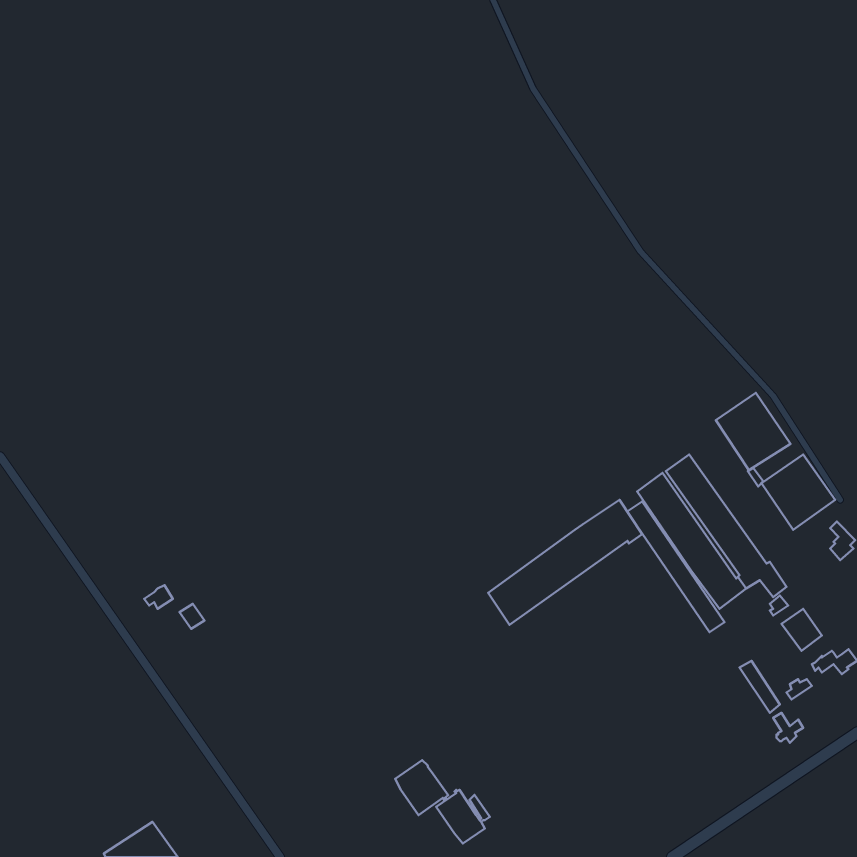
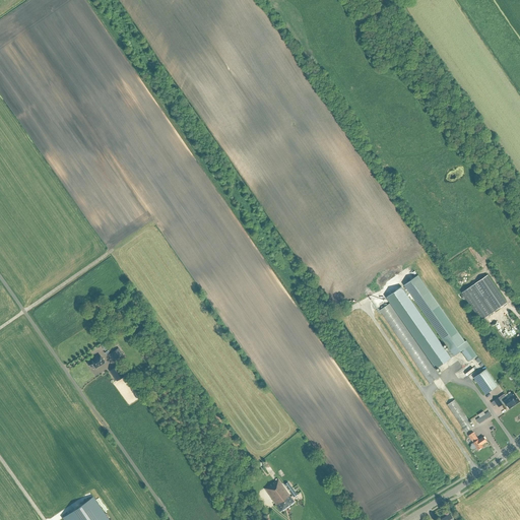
building: [716,393,790,470] -> none
building: [488,500,642,625] -> none
building: [395,760,448,815] -> none

